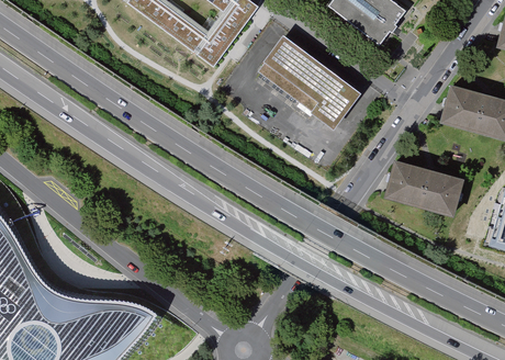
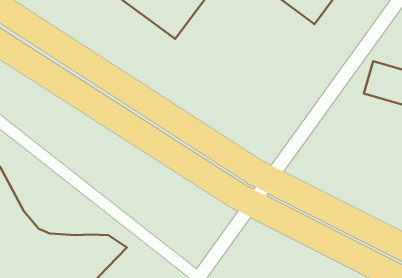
building: [252,37,359,132] -> none
building: [380,165,463,224] -> none

